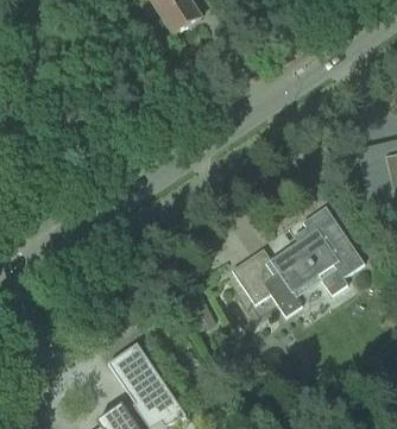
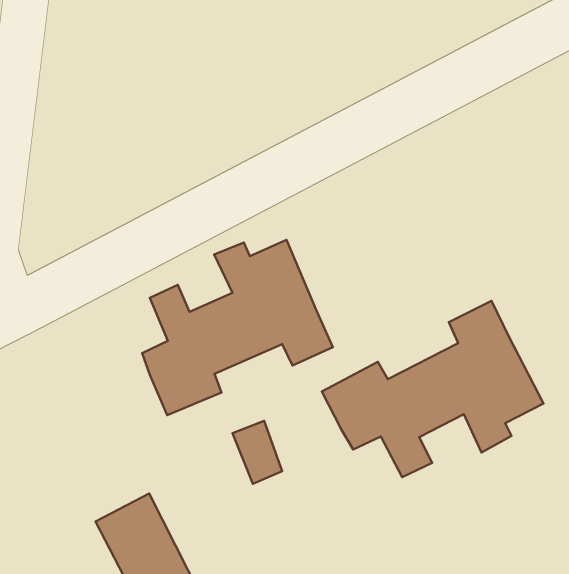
building: none -> [142,240,333,415]

